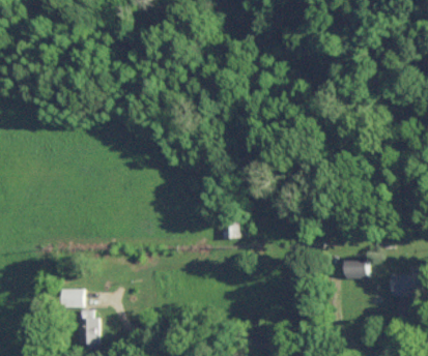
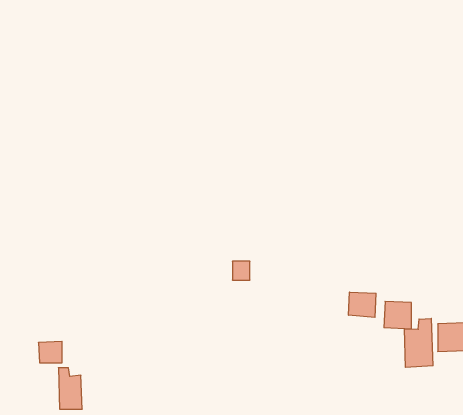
building: none -> [349,292,376,317]
building: none -> [405,318,433,367]

